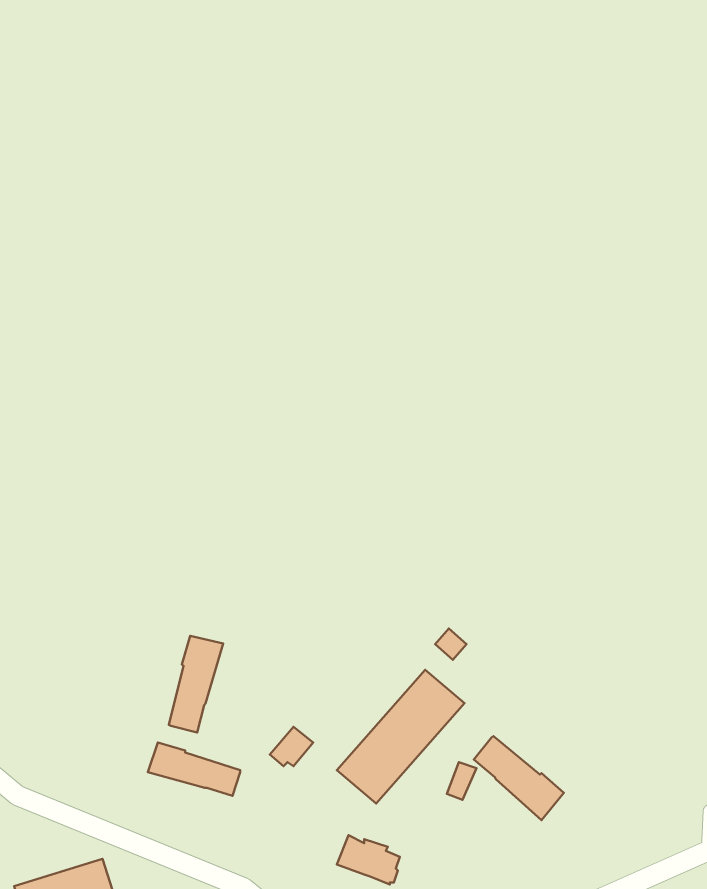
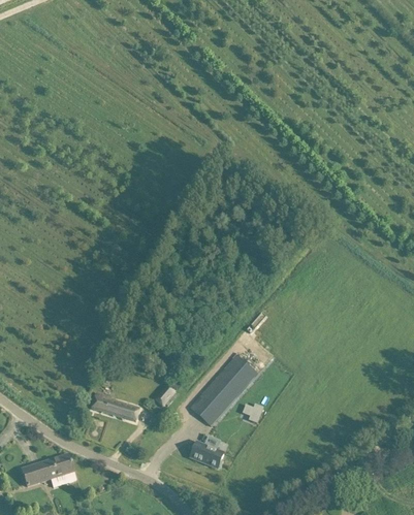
building: [169,636,223,732] -> none
building: [474,736,564,820] -> none

